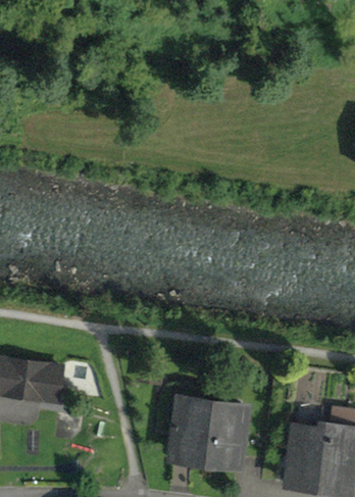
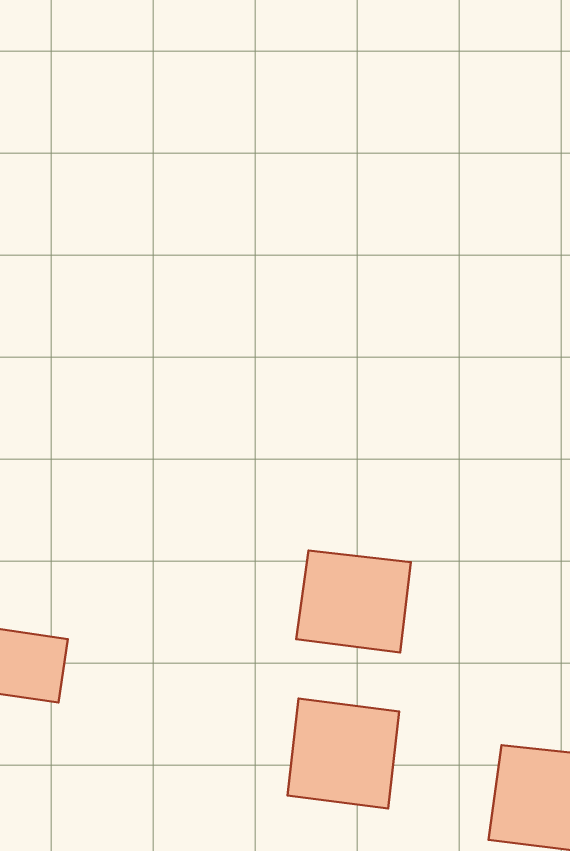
building: none -> [296,551,411,652]

